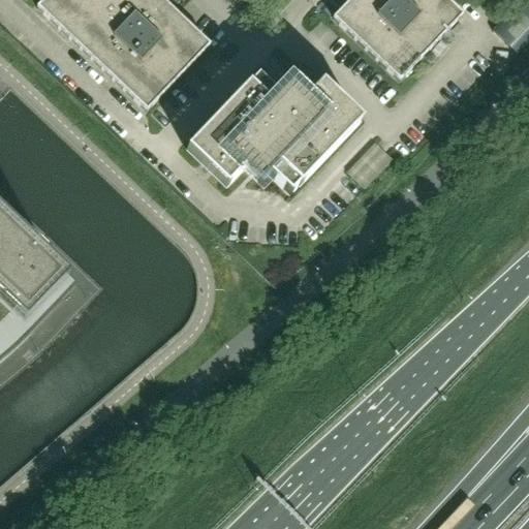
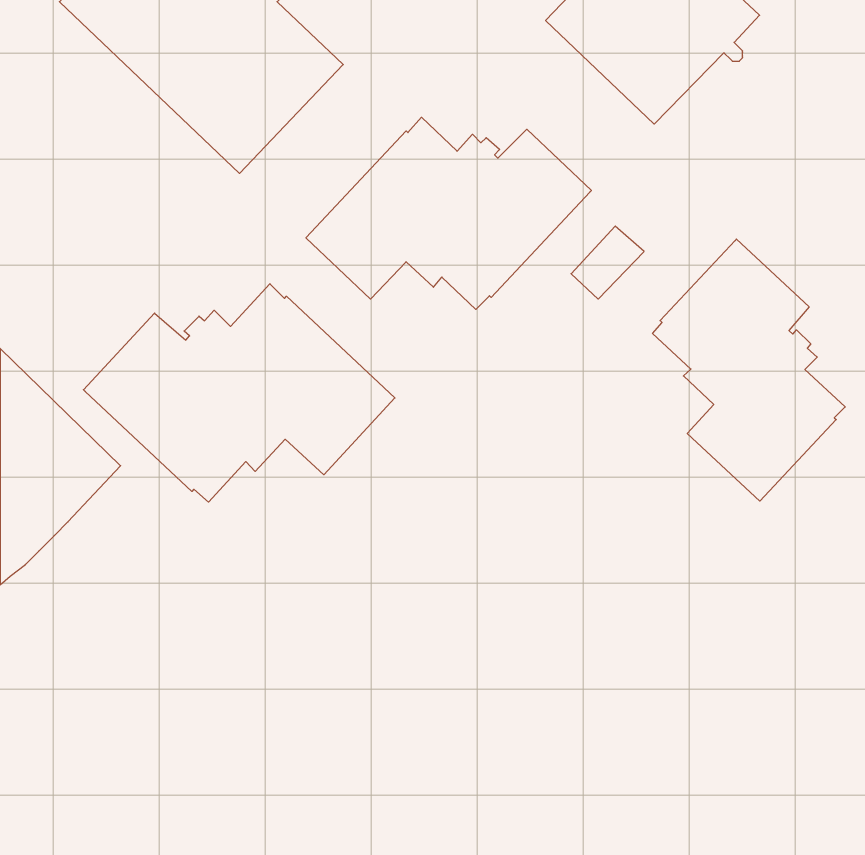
building: none -> [653,239,845,501]
building: none -> [83,284,395,502]

